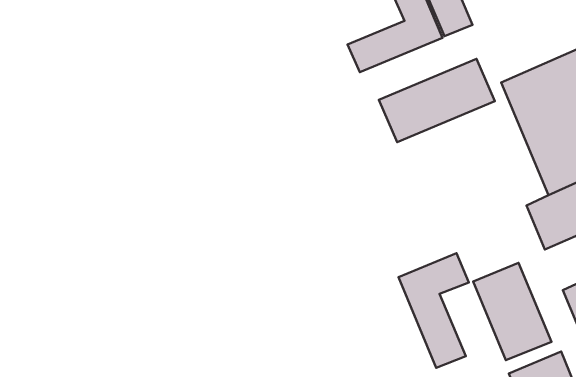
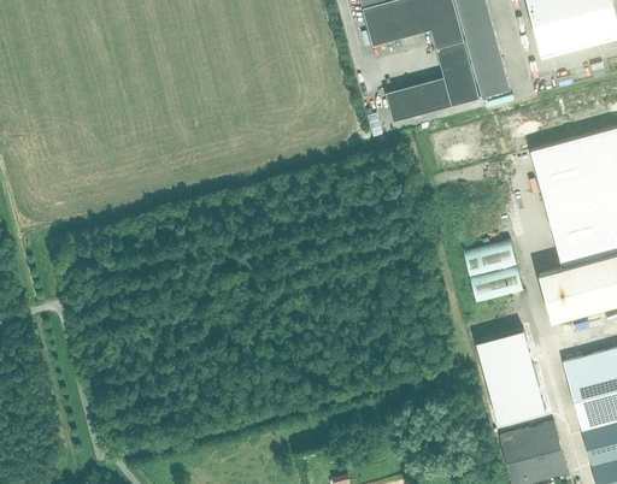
building: [379,59,495,142] -> none
building: none -> [464,240,523,302]
building: [399,253,469,368] -> none

